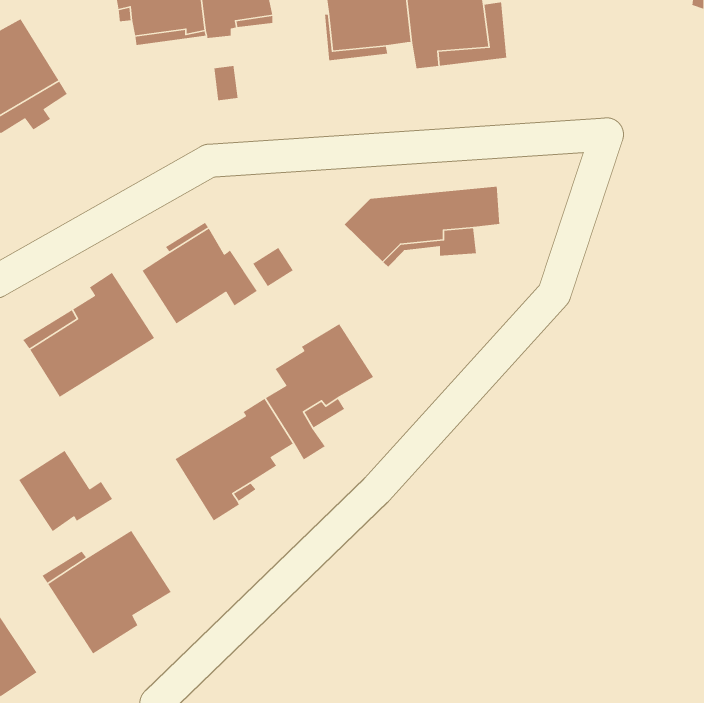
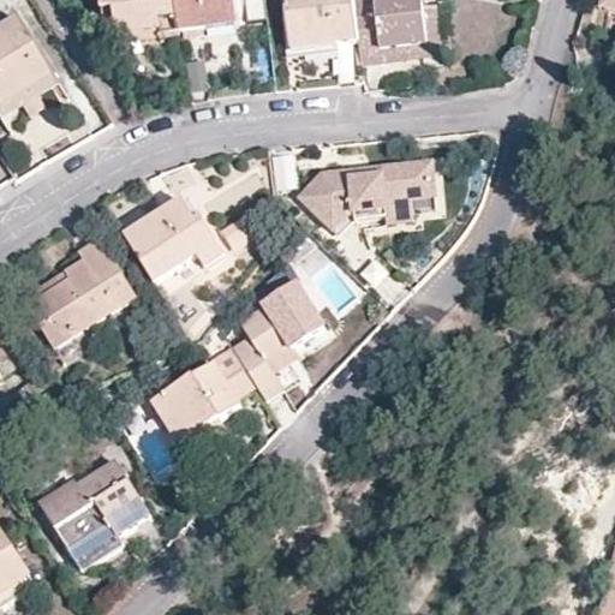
building: [18,450,113,532] -> none

